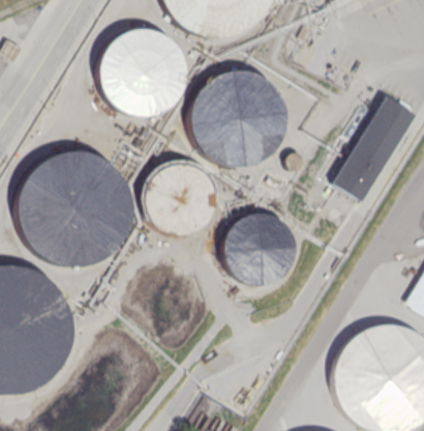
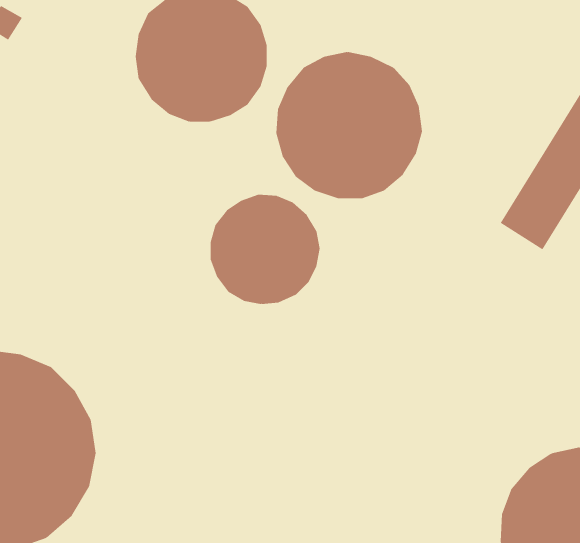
building: [18,150,131,264] -> none
building: [225,211,297,283] -> none

